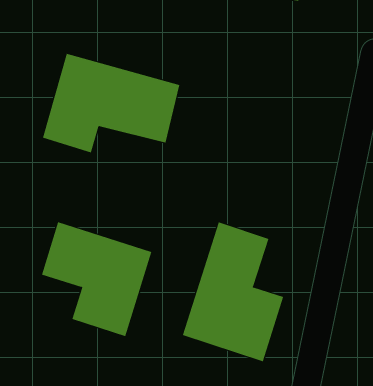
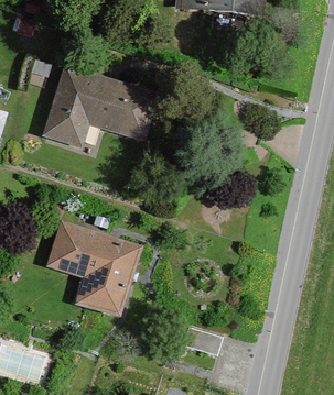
building: [182,222,284,362] -> none

